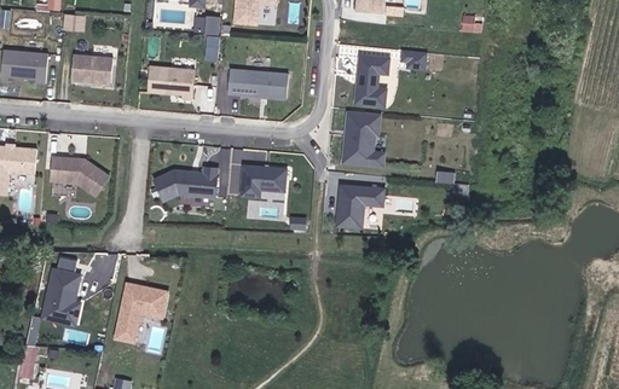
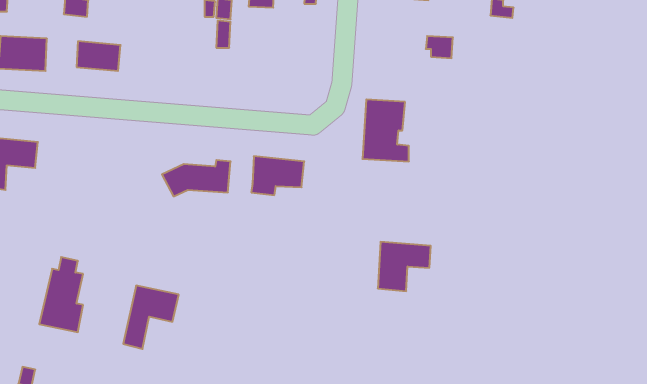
building: [354,54,388,108] -> none
building: [147,65,195,99] -> none
building: [227,69,289,98] -> none
building: [52,157,110,196] -> none
building: [335,184,384,230] -> [378,242,431,291]

